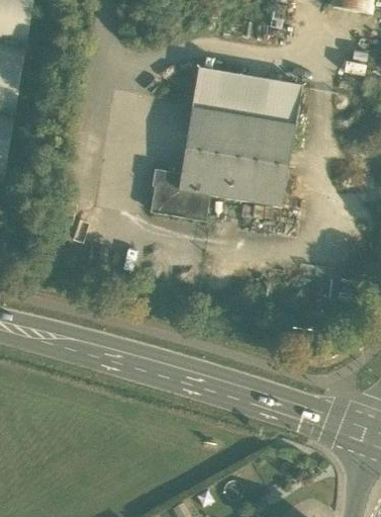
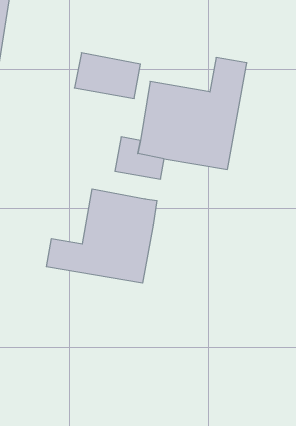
building: [191,64,267,116] -> [74,53,140,98]
building: none -> [46,189,157,283]

